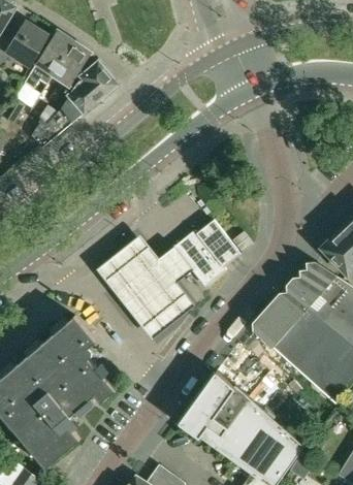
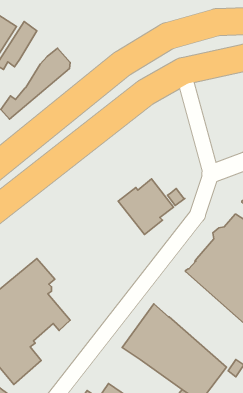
building: [49,40,91,103] -> none
building: [98,238,195,341] -> none

